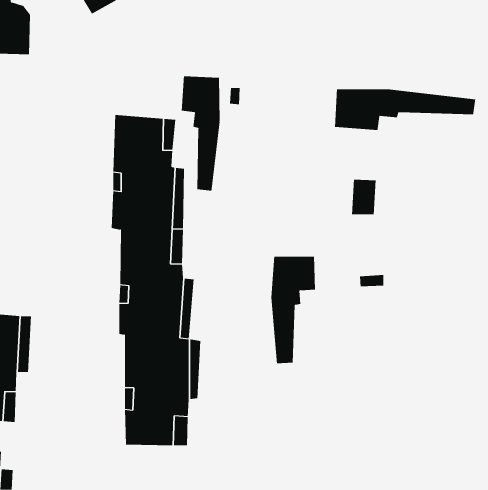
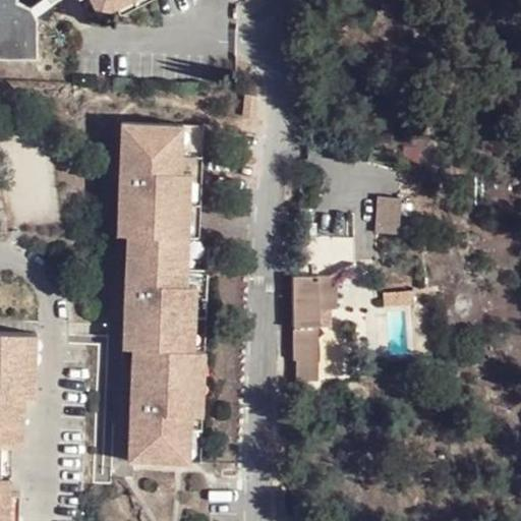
building: [181,76,220,192] -> none
building: [334,89,476,131] -> none

